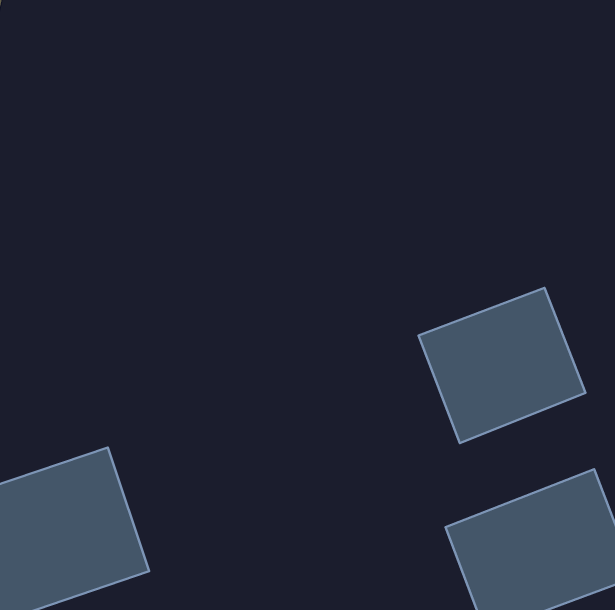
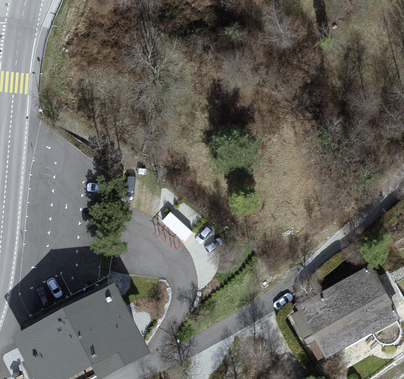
building: [419,288,585,443] -> none

